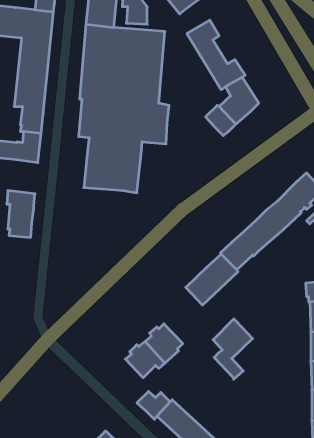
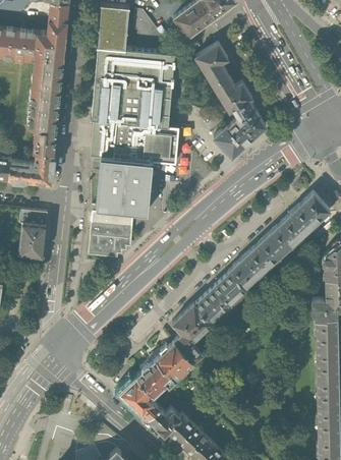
building: none -> [88,213,133,260]
building: [213,319,253,379] -> [172,304,211,363]
building: none -> [119,377,158,419]

